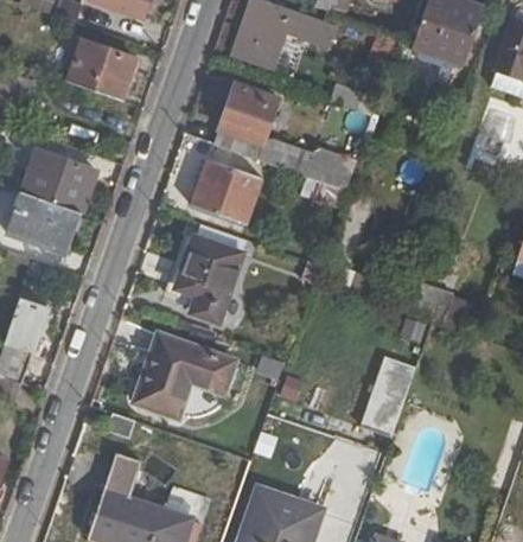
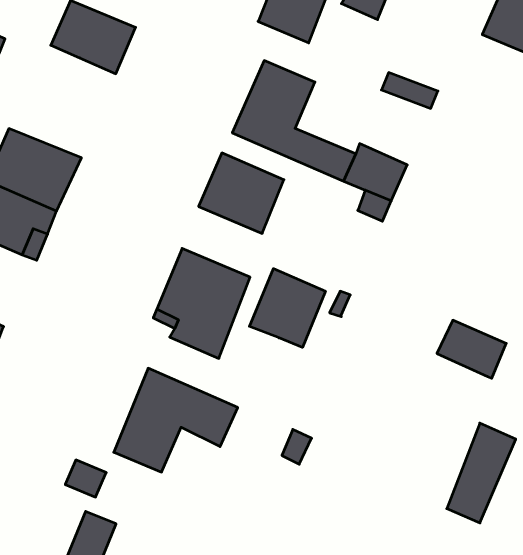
building: none -> [249,269,325,347]
building: [364,356,415,435] -> [447,423,516,523]

